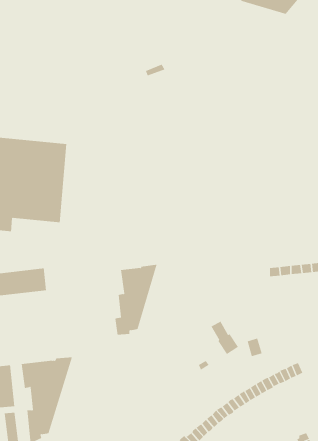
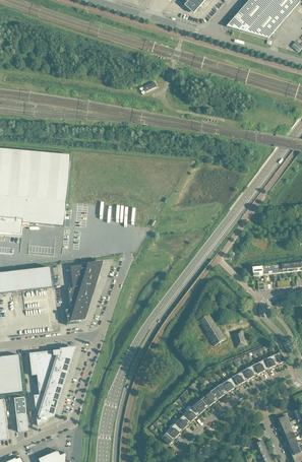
building: [115,264,157,335] -> [64,260,103,324]

